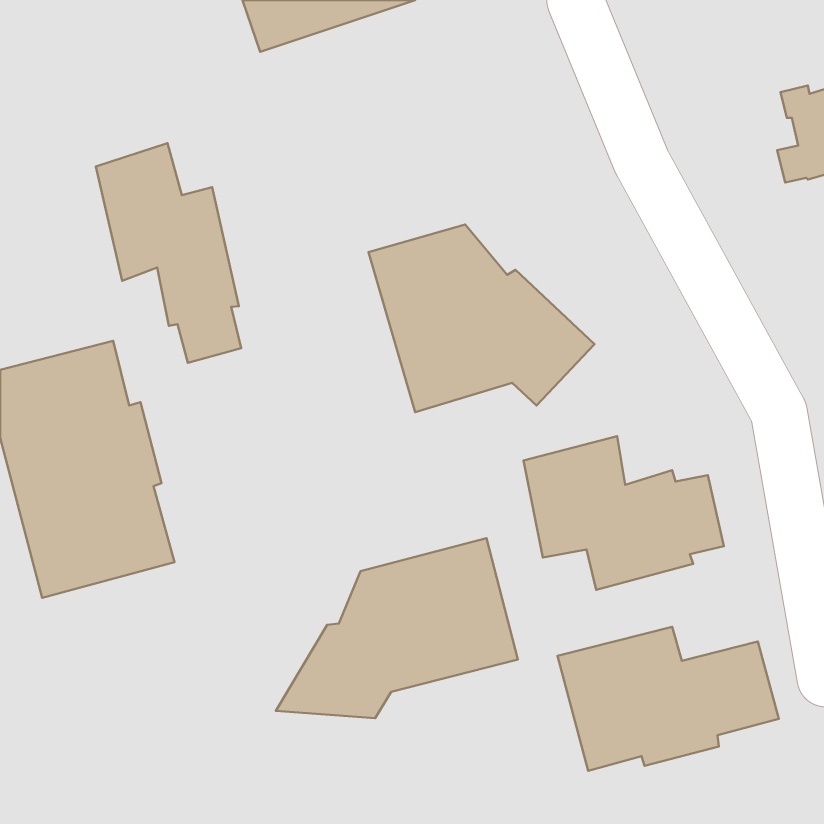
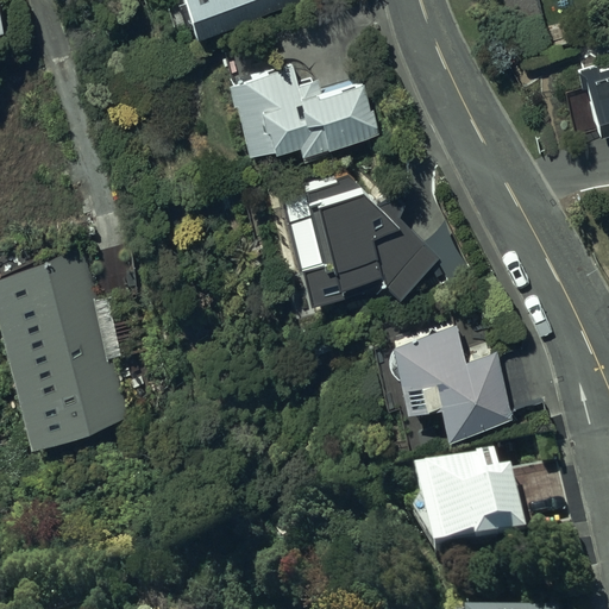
building: none -> [224,67,378,163]
building: [96,143,241,363] -> none
building: [276,538,518,718] -> none

